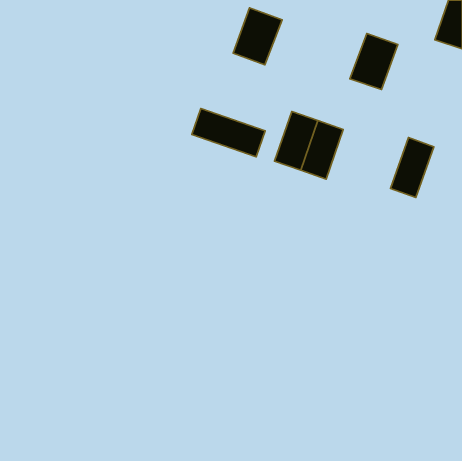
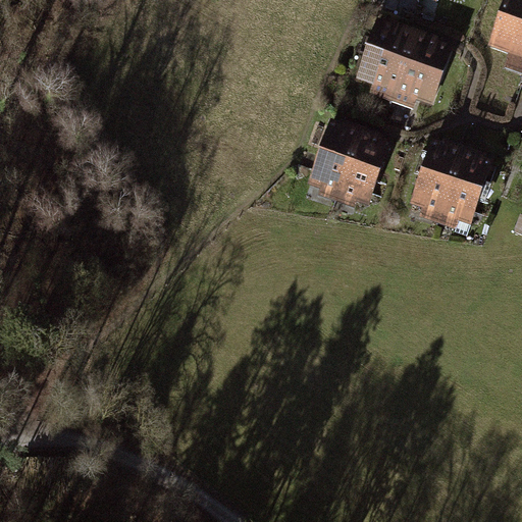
building: [233,8,282,65] -> [358,27,413,91]
building: [192,109,265,157] -> none
building: none -> [411,146,460,214]

